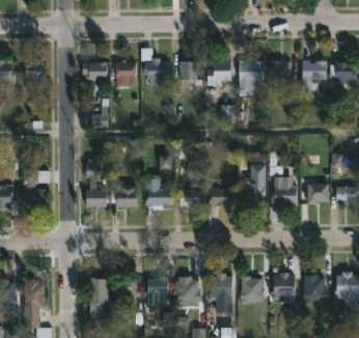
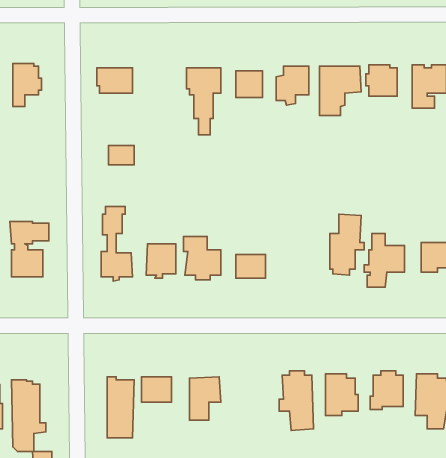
building: [115,59,136,87] -> none
building: [210,188,236,207] -> none
building: [178,276,200,305] -> none

